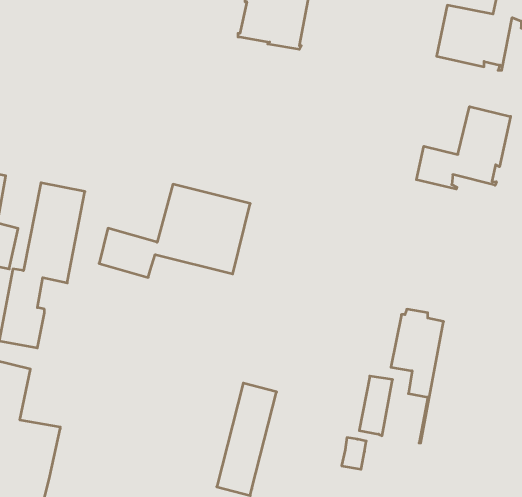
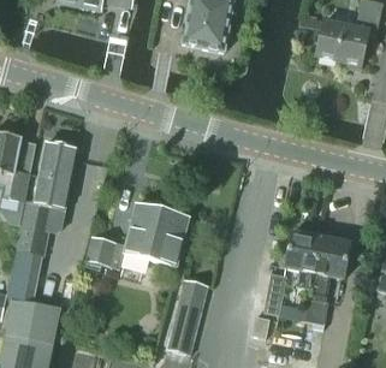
building: [416,107,511,189] -> none
building: [99,184,250,277] -> [84,206,188,269]
building: none -> [305,236,350,325]

